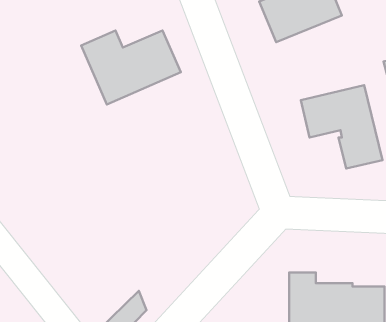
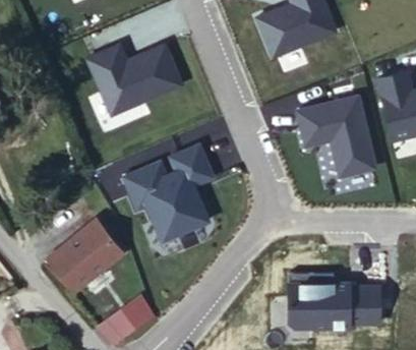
building: none -> [124,143,213,239]
building: none -> [44,219,124,296]

